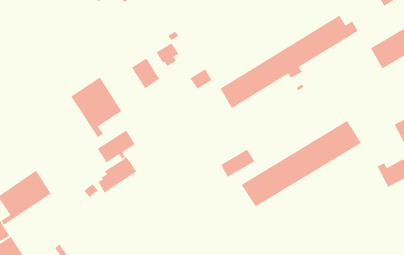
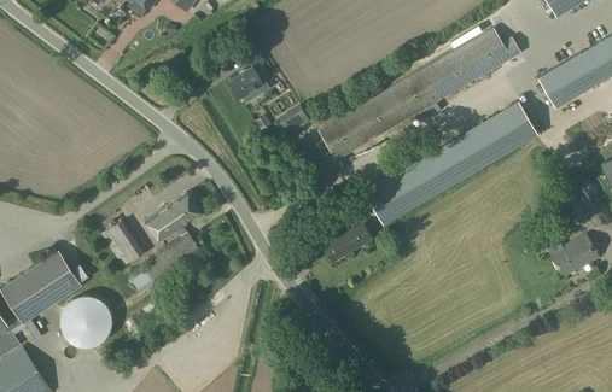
building: [131,58,160,89] -> none
building: [70,77,122,138] -> none
building: [241,120,362,207] -> [365,100,538,226]
building: none -> [100,220,142,267]
building: none -> [45,293,111,356]

